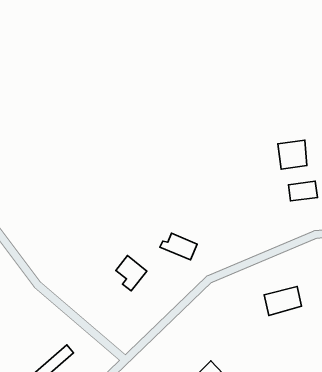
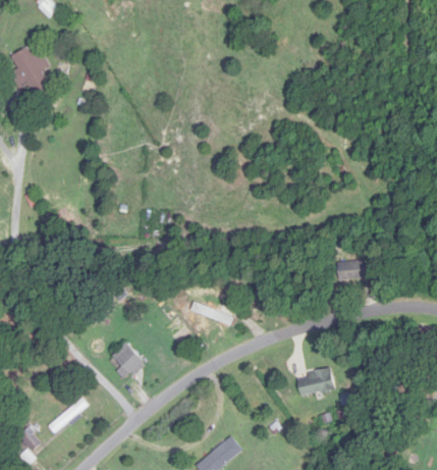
building: [278,140,307,169] -> none
building: [116,255,147,291] -> [111,343,144,380]

